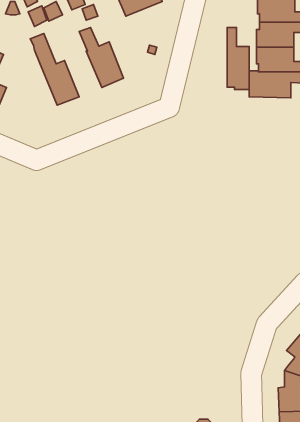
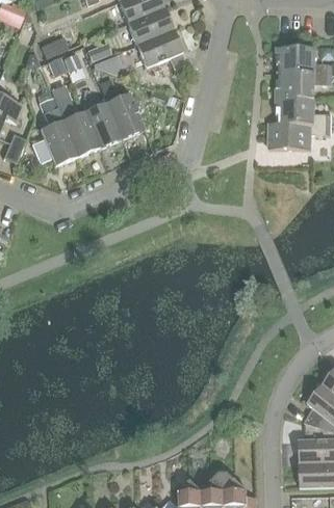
building: [227,28,249,89] -> none
building: none -> [32,96,77,165]
building: none -> [84,102,122,148]

